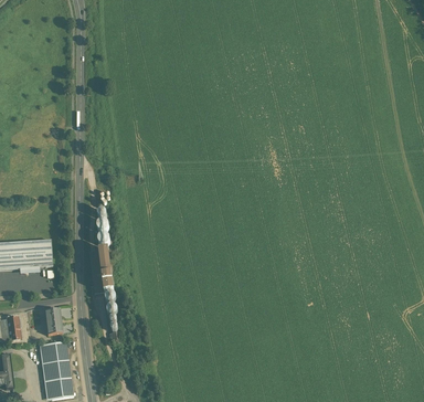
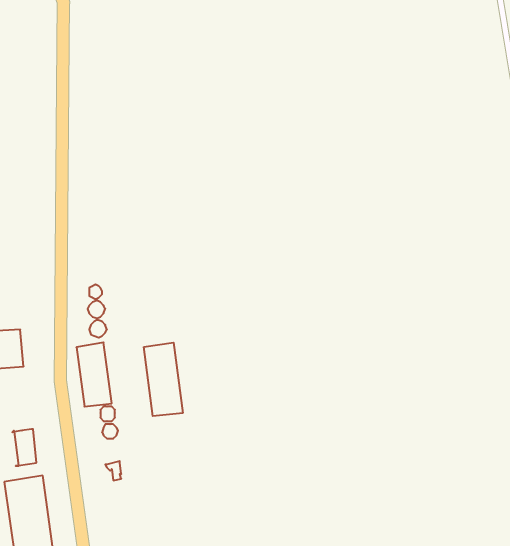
building: none -> [144,343,183,416]

